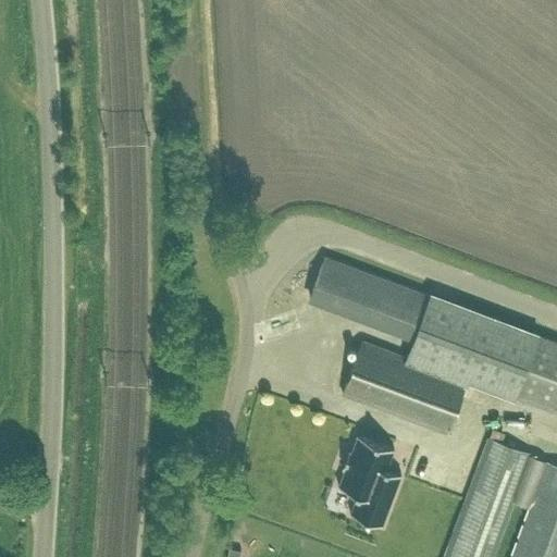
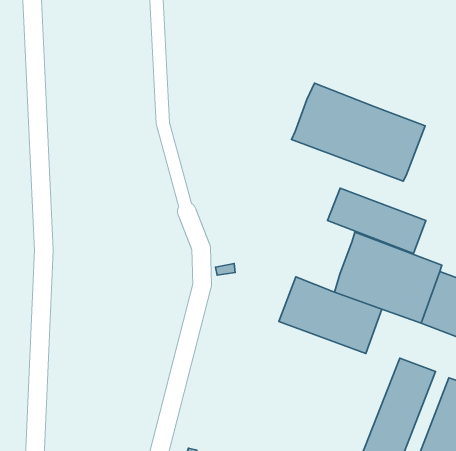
building: none -> [291,83,425,181]
building: [310,261,430,341] -> [328,188,426,253]
building: [339,440,400,530] -> none

